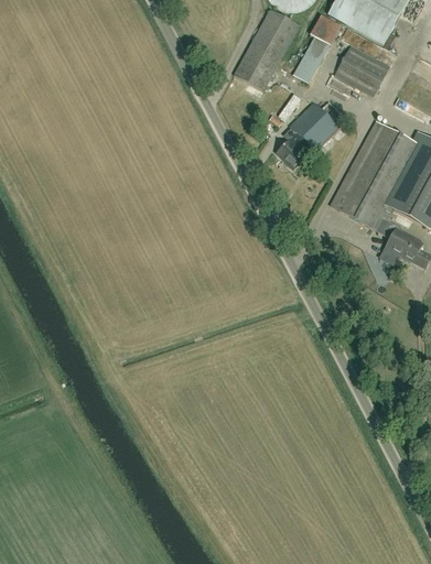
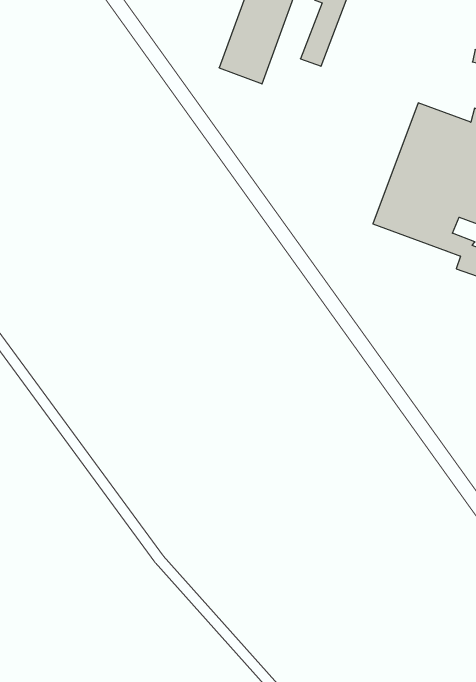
building: [334,45,390,97] -> none
building: [276,101,347,169] -> none

